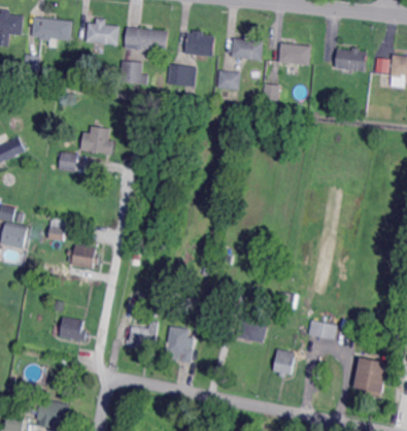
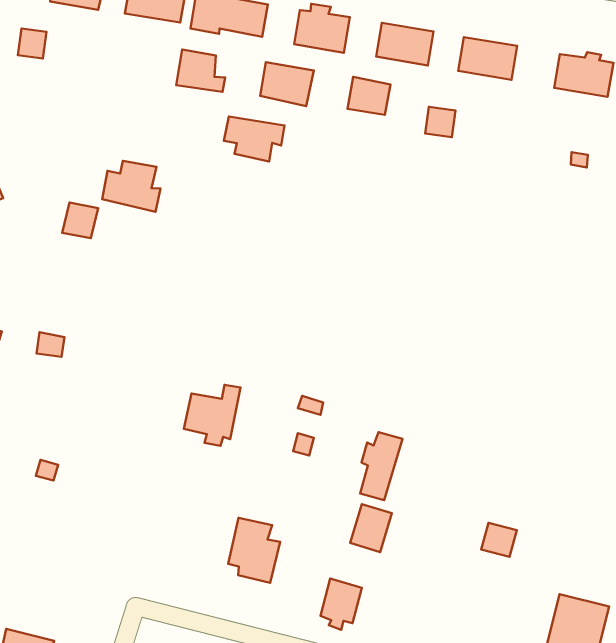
building: none -> [224,116,285,161]
building: [68,244,101,268] -> none
building: none -> [360,432,402,500]
building: [60,317,88,341] -> none
building: [128,320,159,355] -> [184,385,241,446]
building: [273,349,296,377] -> [321,579,362,630]

